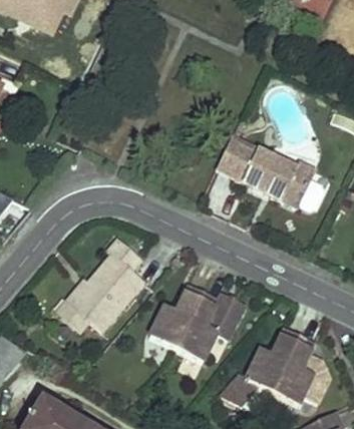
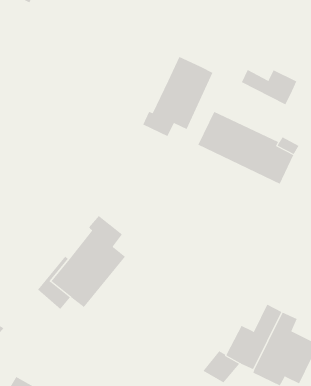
building: none -> [142,56,213,137]
building: none -> [241,69,297,105]
building: [148,284,244,361] -> none

